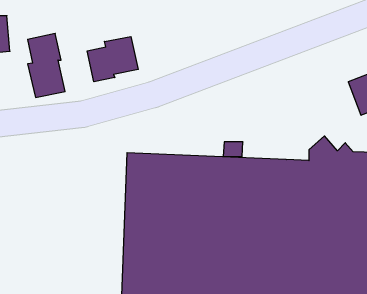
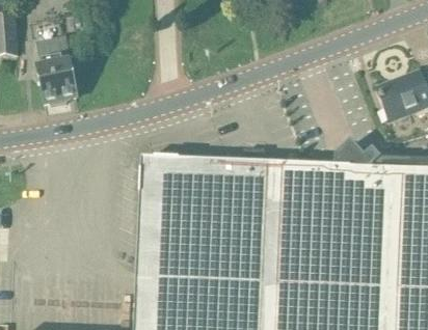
building: [87,37,138,82] -> none

